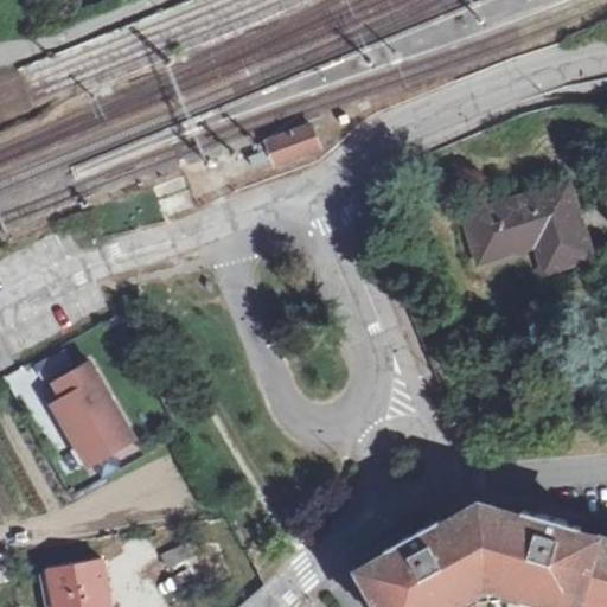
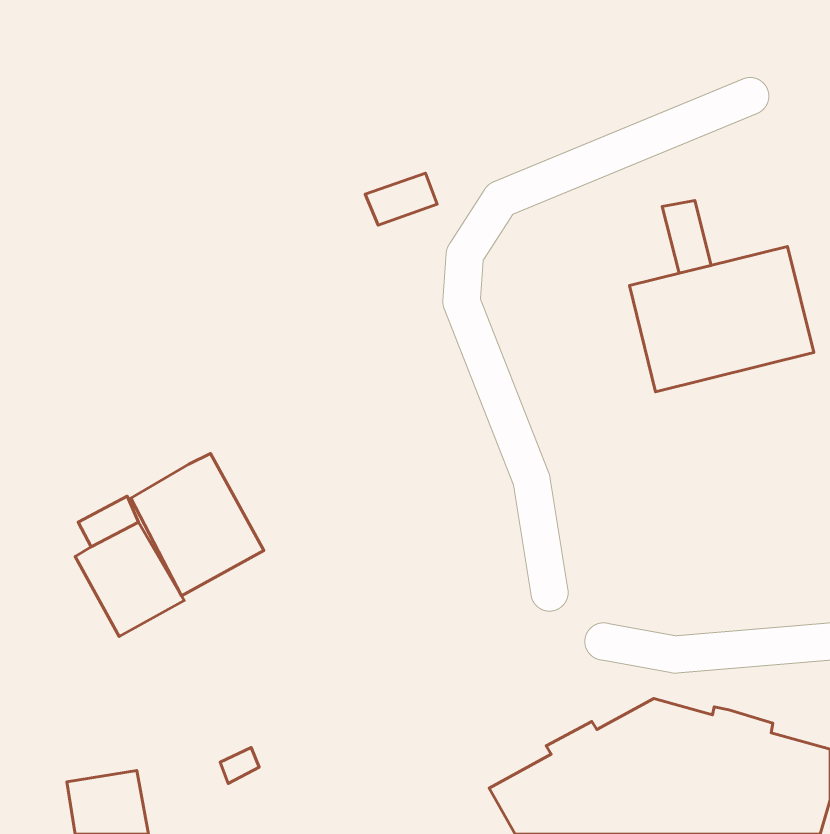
building: none -> [662,200,711,273]
building: none -> [131,453,264,596]

